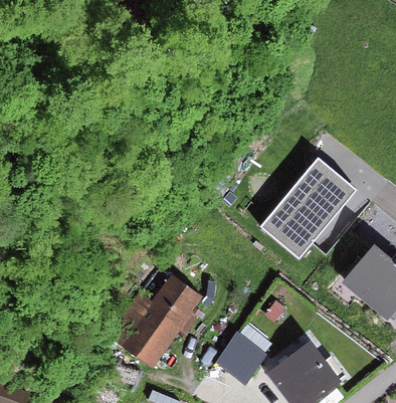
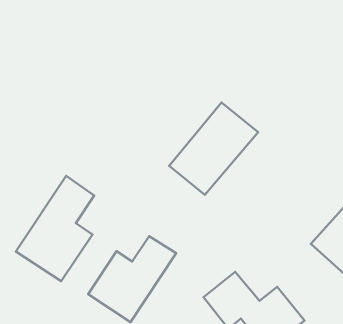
building: [258,159,354,258] -> [169,102,258,195]
building: none -> [16,176,94,281]

